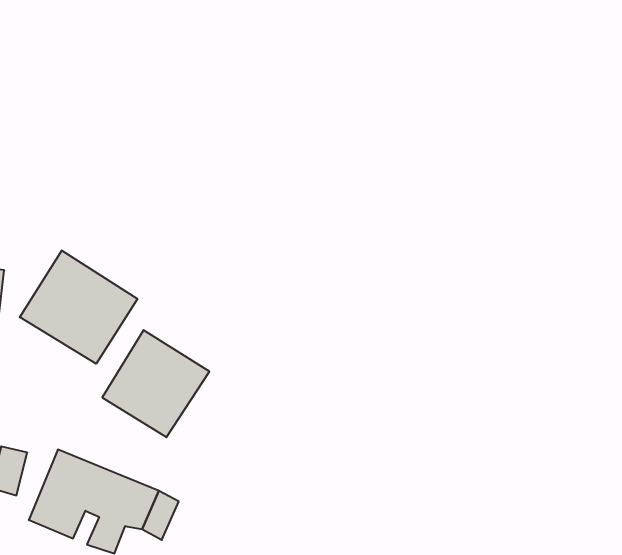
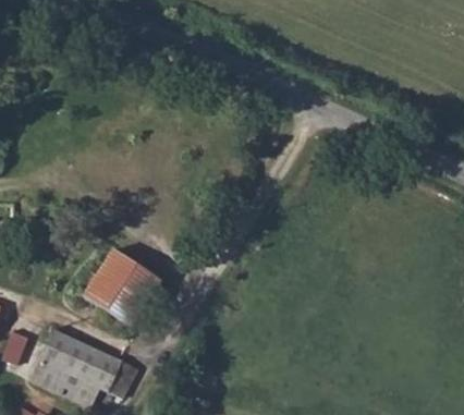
building: [20,250,137,364] -> none

